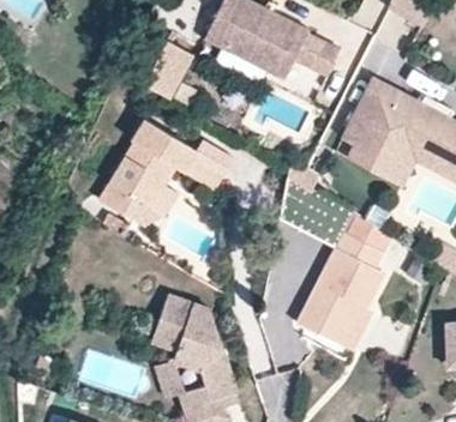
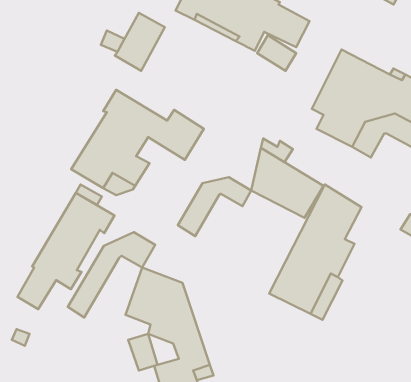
building: none -> [178,177,251,236]
building: none -> [18,193,115,309]
building: none -> [68,232,155,318]

